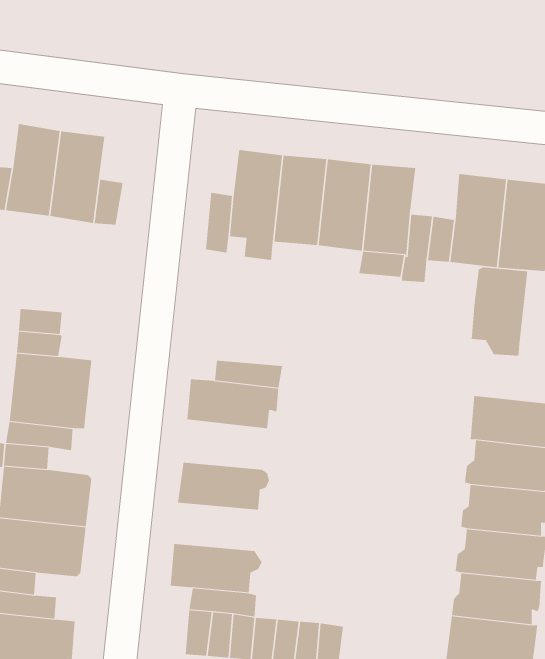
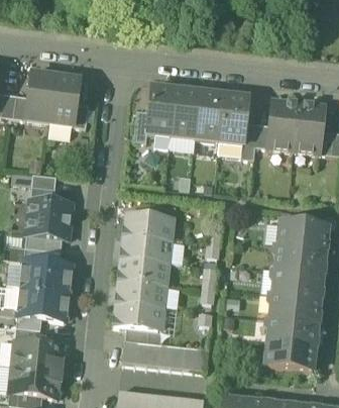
building: [471,266,528,357] -> none
building: none -> [121,234,172,262]
building: none -> [116,280,166,306]

